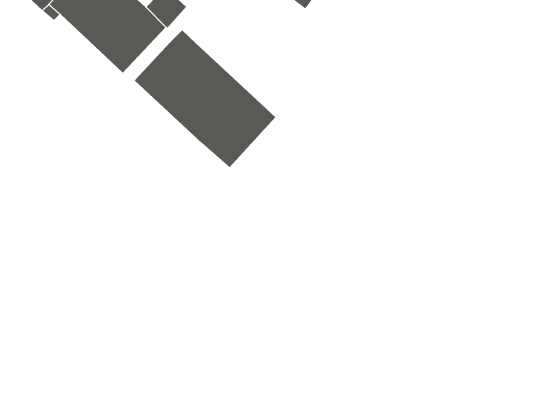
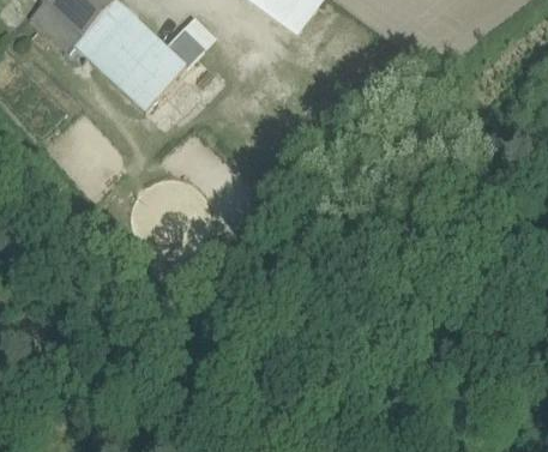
building: [134,29,276,168] -> none

